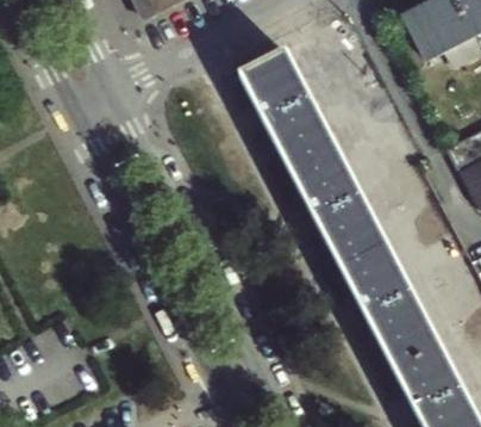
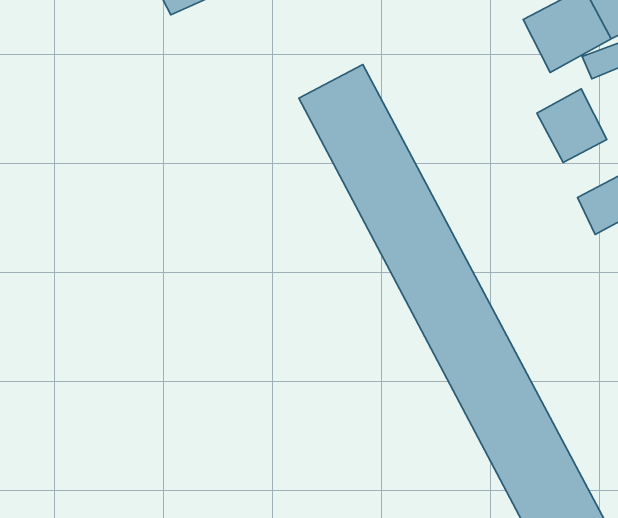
building: none -> [537,89,607,163]

